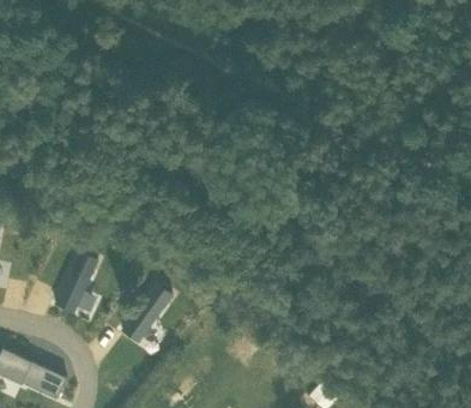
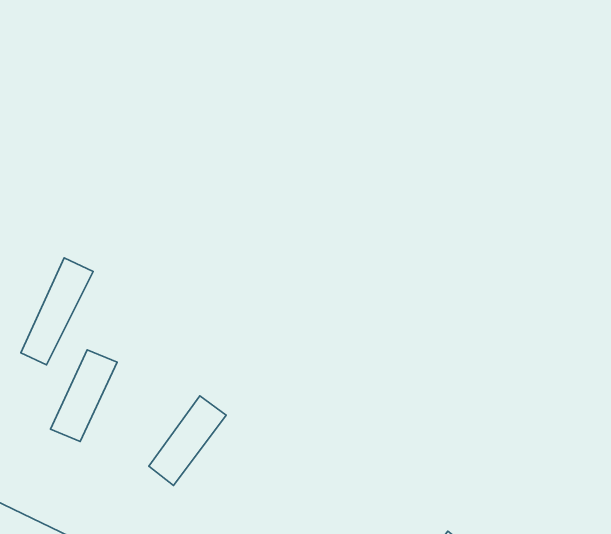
building: none -> [21,258,93,365]

